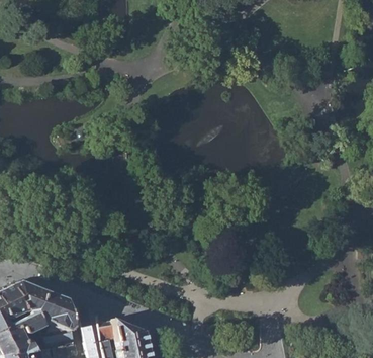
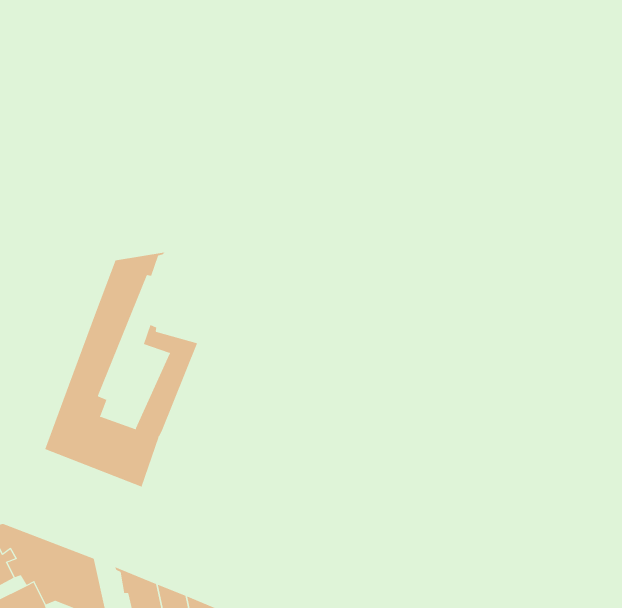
building: none -> [45,251,198,487]

